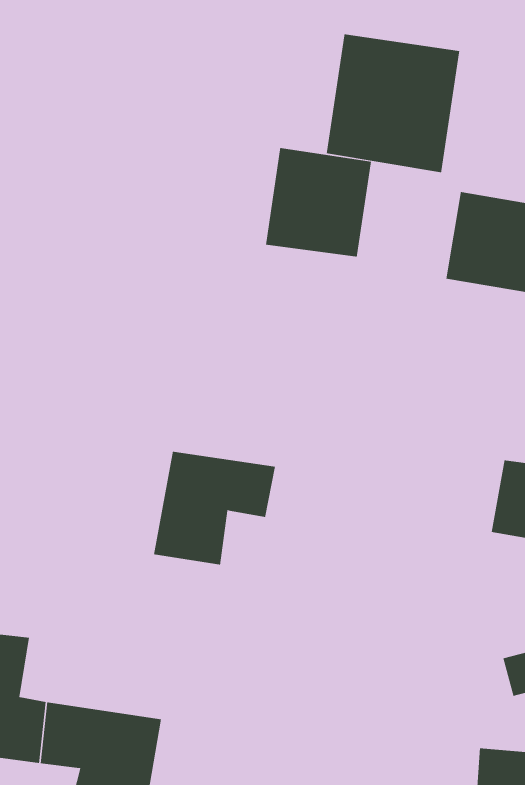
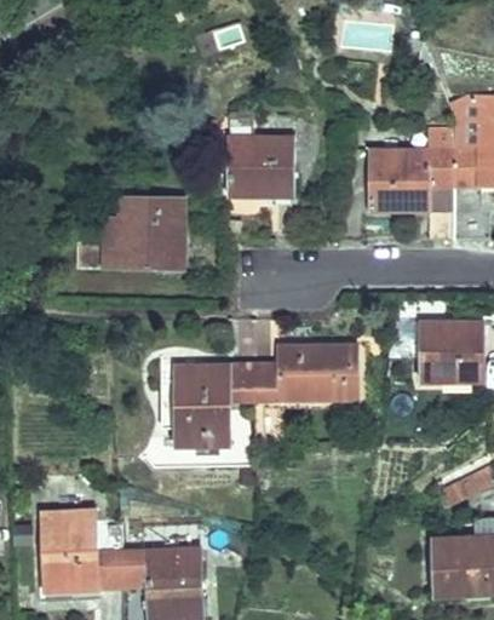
building: [326,33,460,173] -> none
building: none -> [73,196,191,265]
building: none -> [255,339,364,400]

